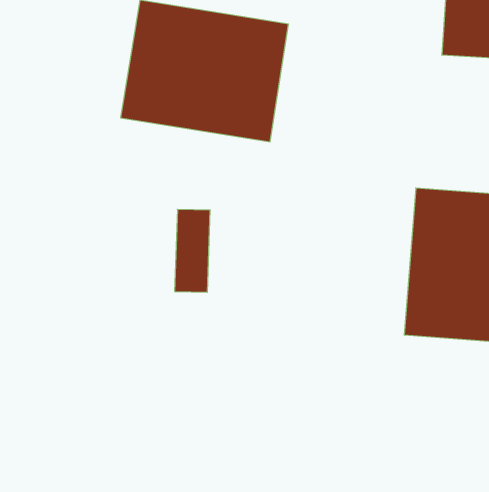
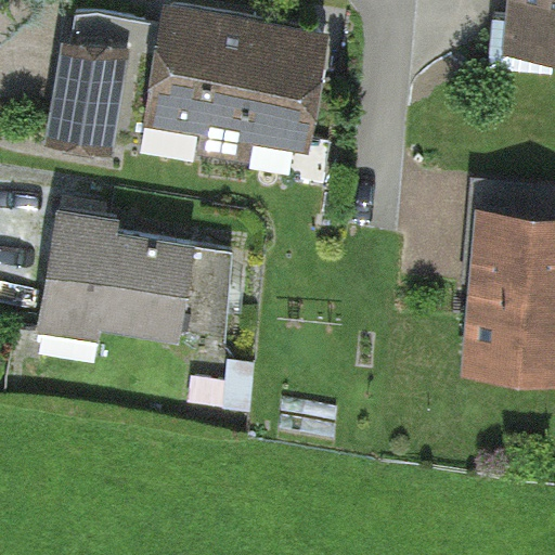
building: none -> [64,12,152,142]
building: none -> [39,228,189,345]

